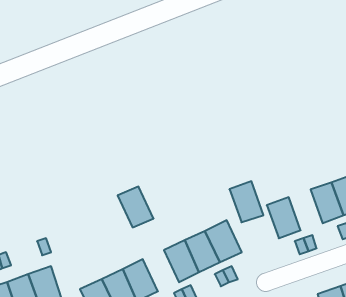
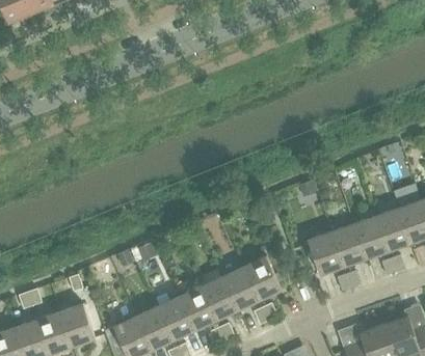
building: [229,181,263,222] -> [330,223,366,266]
building: [118,187,154,227] -> [179,286,216,329]

